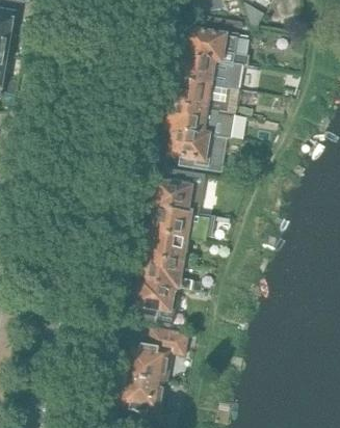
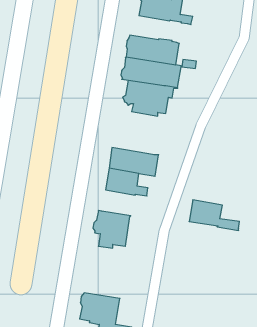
building: [176,52,242,86] -> none
building: [152,167,202,213] -> none
building: [143,255,202,290] -> [189,200,239,230]
building: [122,327,187,380] -> none

